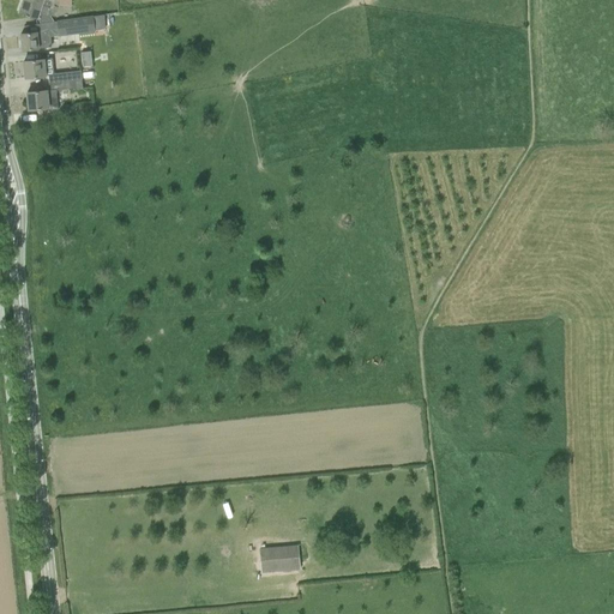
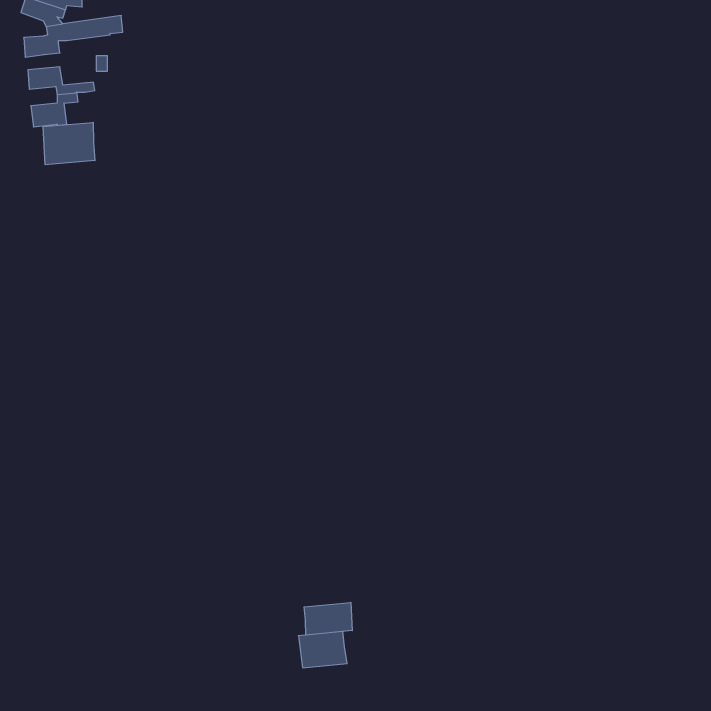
building: none -> [43,122,95,165]
building: none -> [304,602,352,635]

